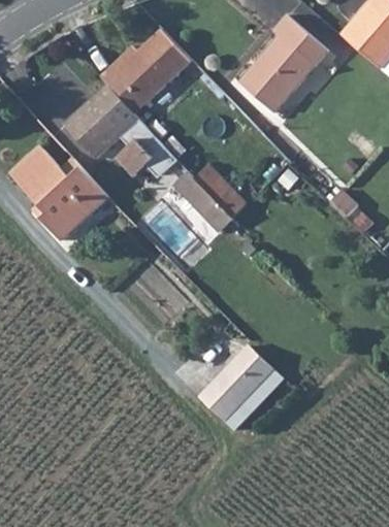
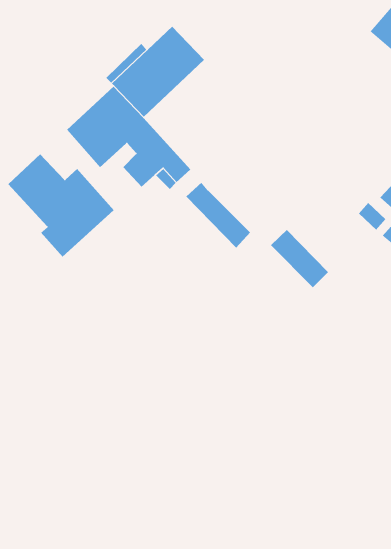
building: [238,14,327,112] -> none
building: [193,164,247,218] -> [270,229,329,288]
building: [199,344,283,429] -> none

